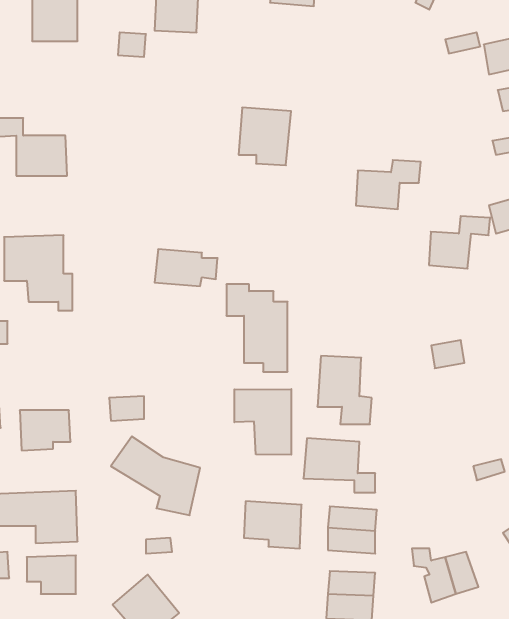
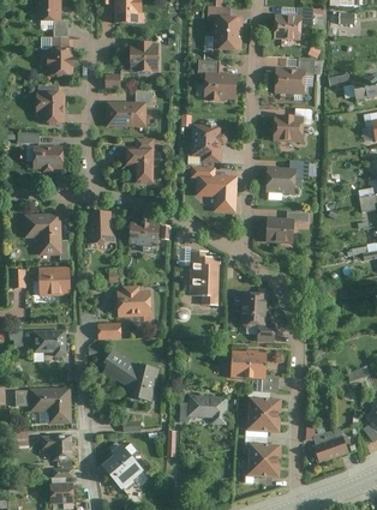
building: none -> [273,58,315,95]
building: none -> [192,60,234,102]
building: none -> [34,85,67,125]
building: none -> [103,90,150,128]
building: none -> [270,109,311,143]
building: none -> [121,139,152,186]
building: none -> [185,164,234,211]
building: [429,216,490,269] -> [267,208,309,244]
building: none -> [88,211,116,242]
building: none -> [38,266,74,298]
building: none -> [114,284,150,319]
building: [234,389,291,455] -> none

